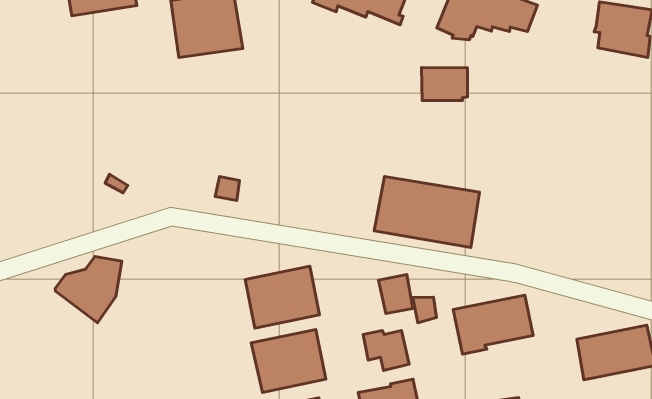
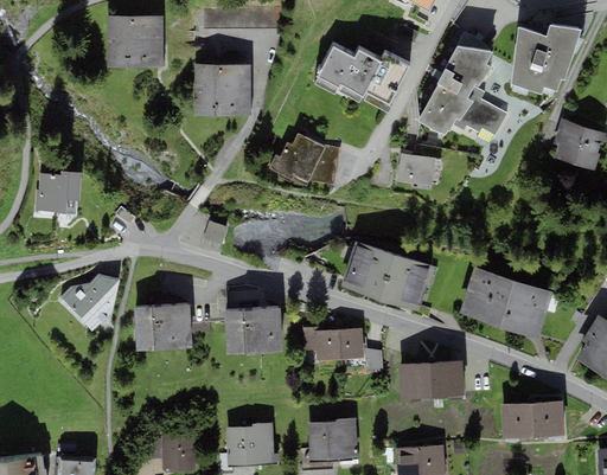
building: none -> [270,133,340,185]
building: none -> [34,171,81,214]
building: none -> [459,265,552,336]
building: [251,329,326,392] -> [133,303,192,351]
building: [363,331,409,370] -> [305,326,340,360]

